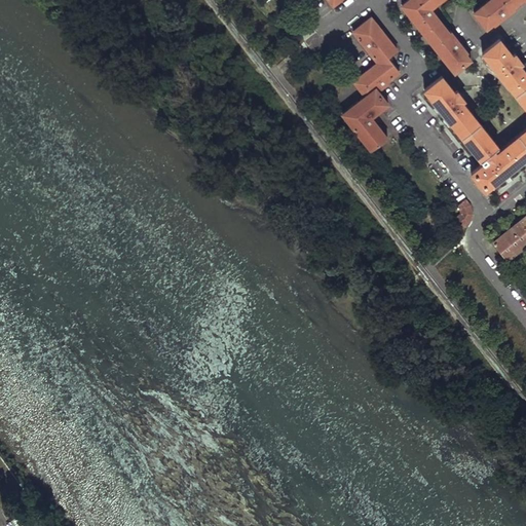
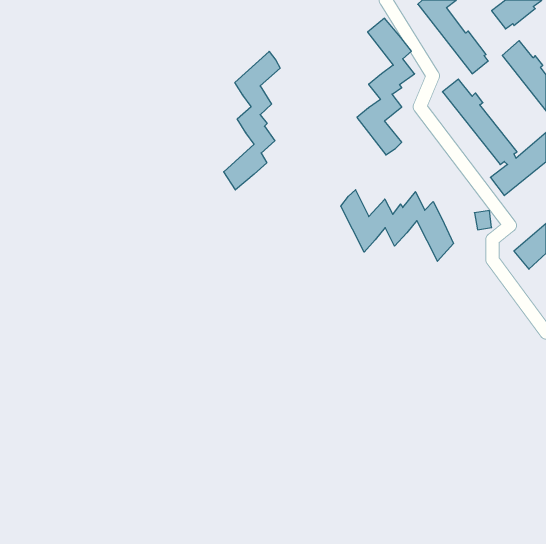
building: none -> [224,51,280,190]
building: none -> [341,190,453,261]

